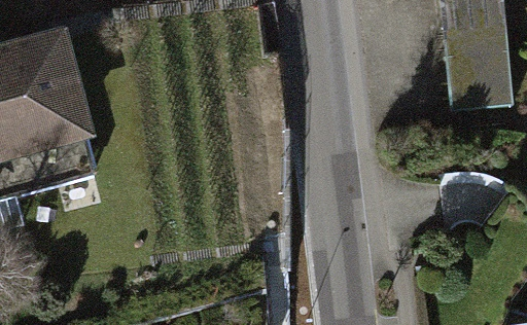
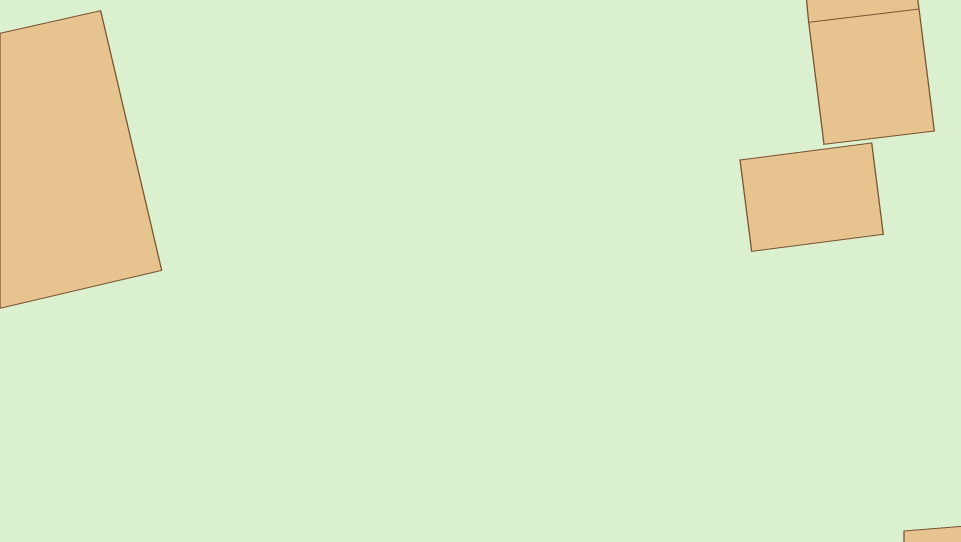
building: none -> [740,143,883,251]

